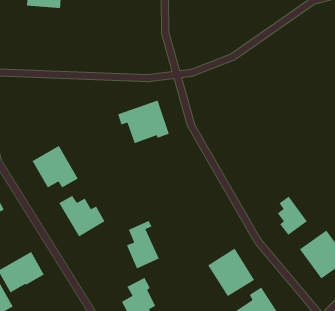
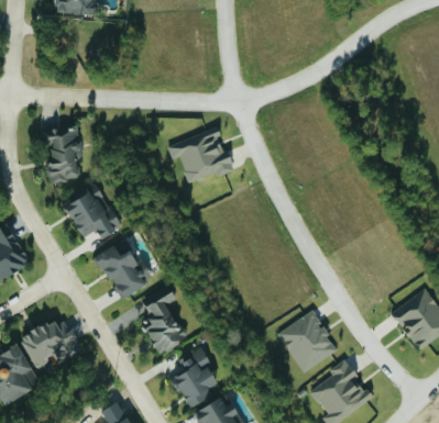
building: none -> [44,125,83,183]
building: [277,196,308,236] -> none
building: [126,220,160,270] -> [143,292,185,354]

